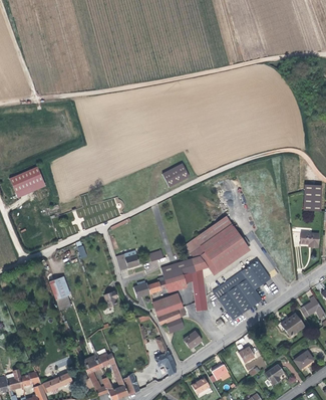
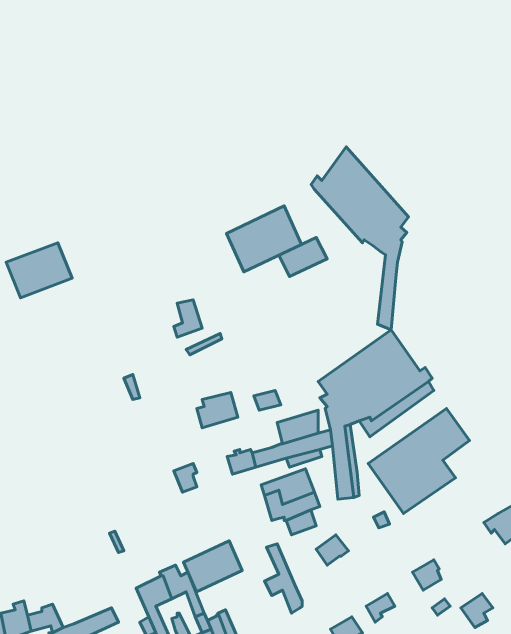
building: none -> [311,147,408,330]
building: none -> [226,206,302,272]
building: [49,275,71,310] -> none
building: none -> [183,541,242,592]

